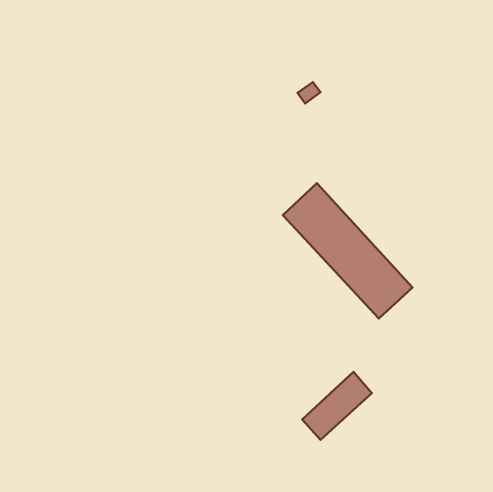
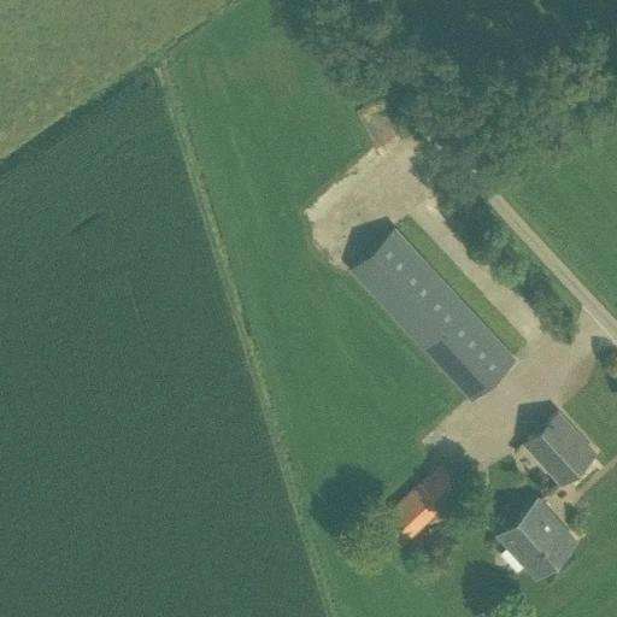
building: none -> [527,415,595,486]
building: none -> [501,503,577,578]

